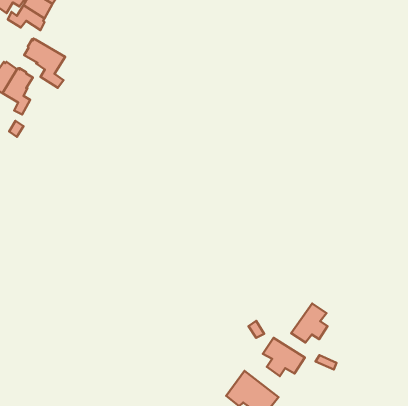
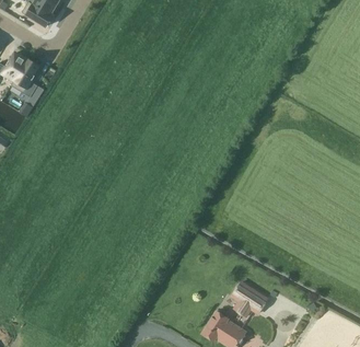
building: [24,39,65,88] -> none
building: [291,303,327,343] -> none

